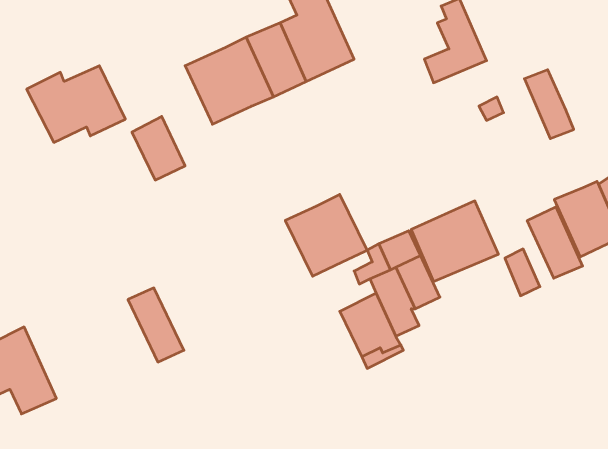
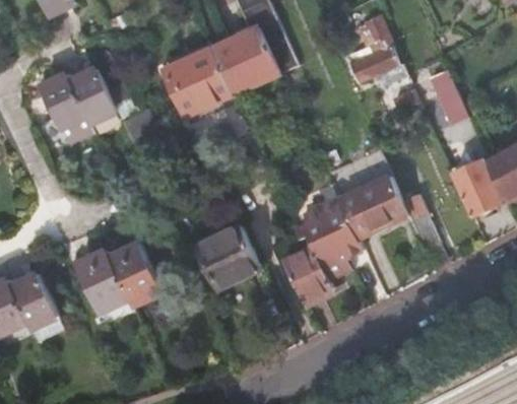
building: [285,194,367,276] -> [196,224,260,288]
building: [527,207,583,278] -> none
building: none -> [76,250,142,313]

